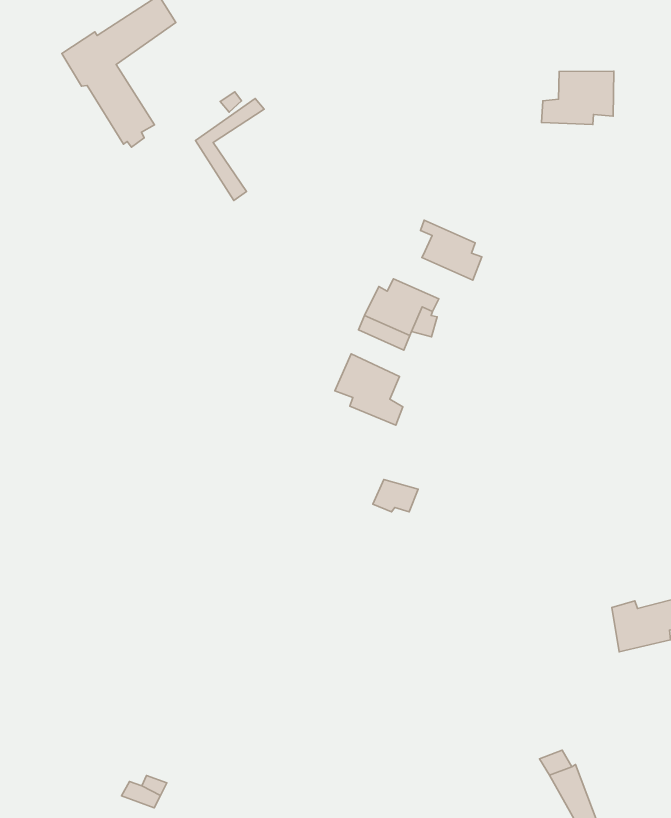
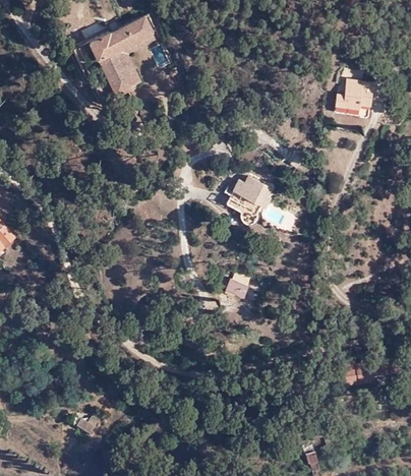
building: [196,98,264,201] -> [117,32,155,83]
building: [421,220,482,280] -> none
building: [335,354,403,425] -> none

